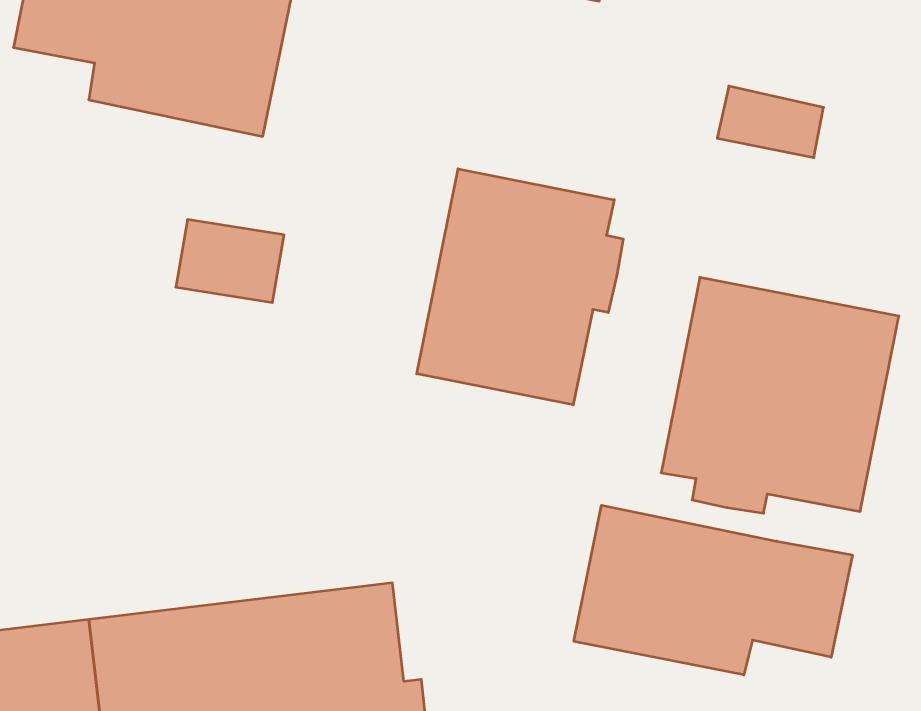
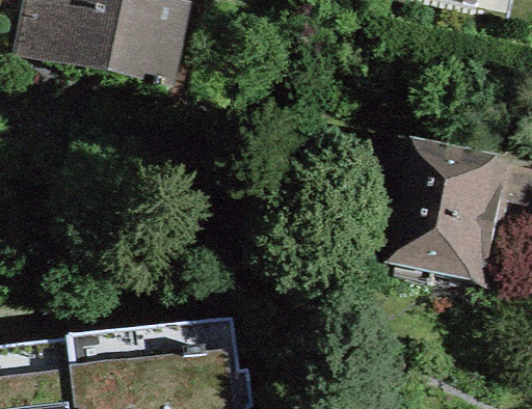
building: [417,169,623,405] -> none
building: [574,505,852,675] -> none

